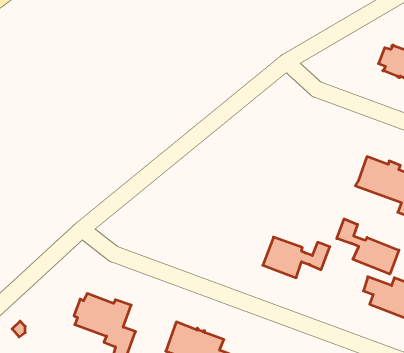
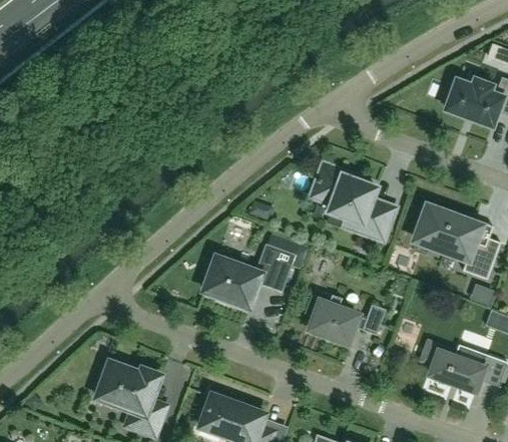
building: none -> [312,164,395,240]
building: none -> [203,244,296,308]
building: [337,219,399,274] -> none

